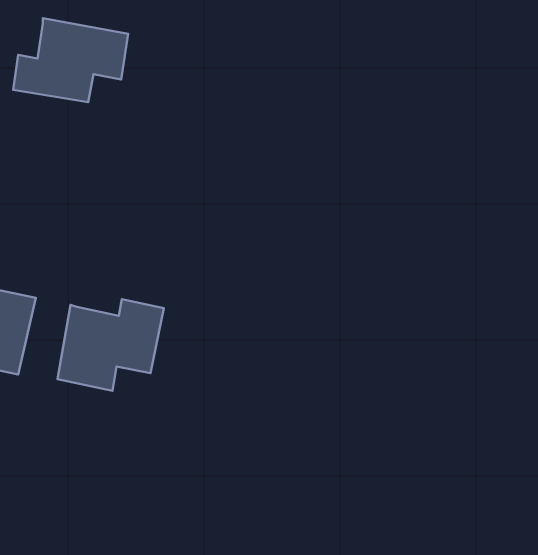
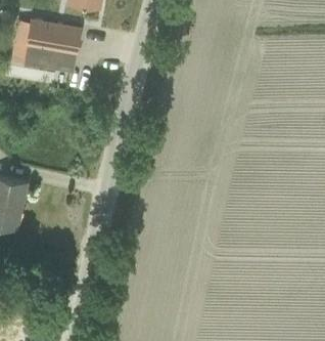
building: [58,299,164,391] -> none

